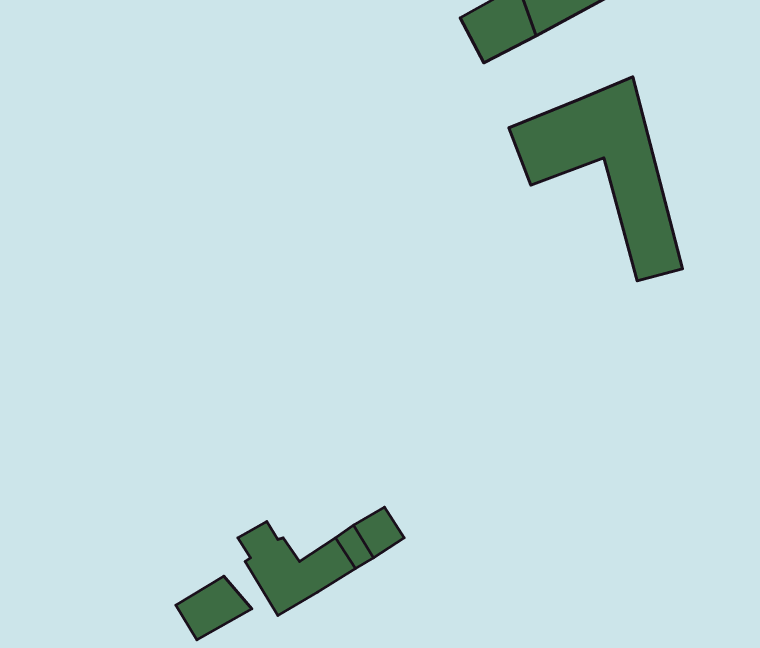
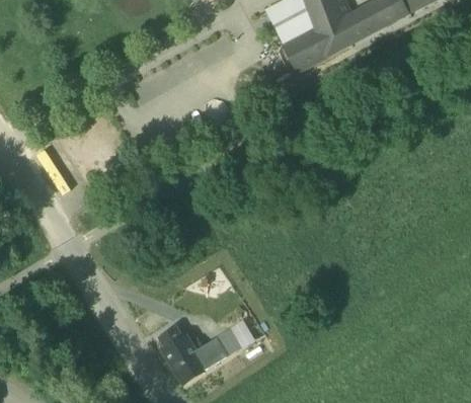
building: [509,77,683,281] -> none
building: [176,576,252,640] -> none

